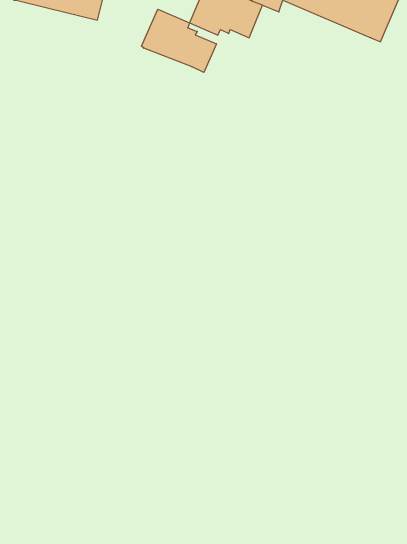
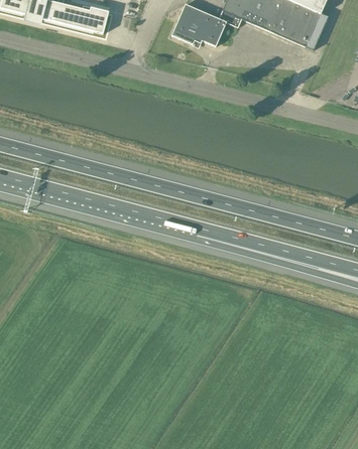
building: [142,9,216,72] -> none

